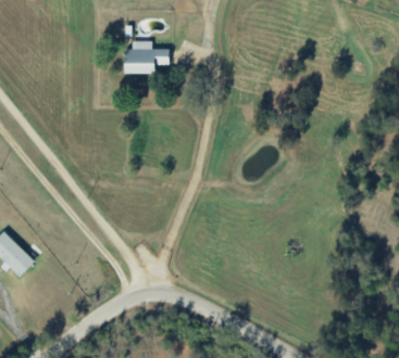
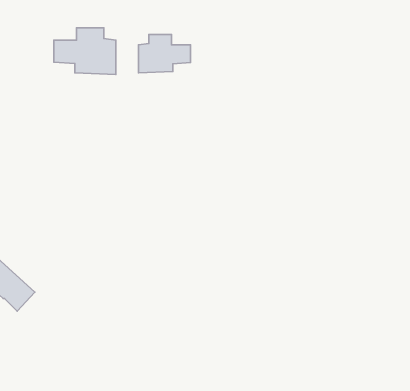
building: none -> [54,28,116,75]

